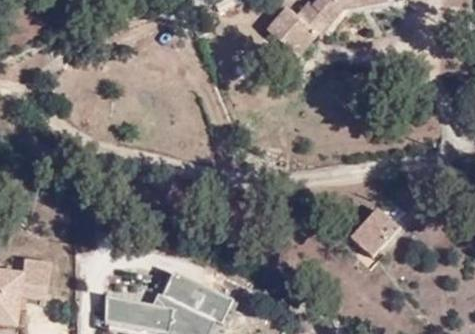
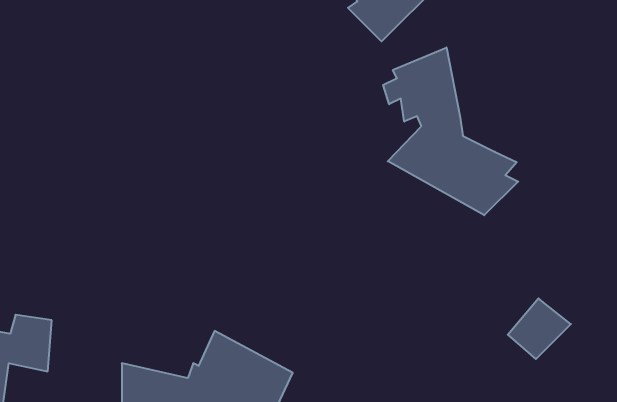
building: none -> [383,47,518,215]
building: [344,210,391,255] -> [508,298,571,359]

